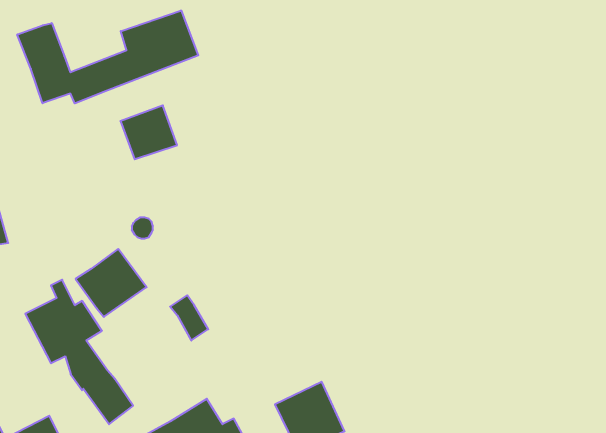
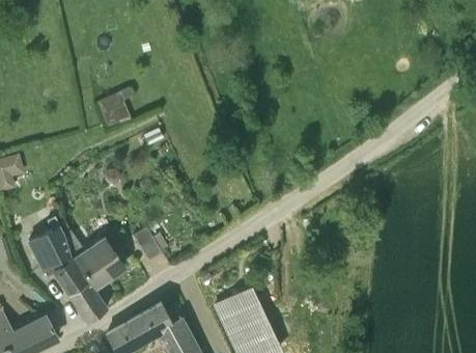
building: [17,10,198,103] -> none
building: [76,249,147,317] -> [73,238,124,288]

